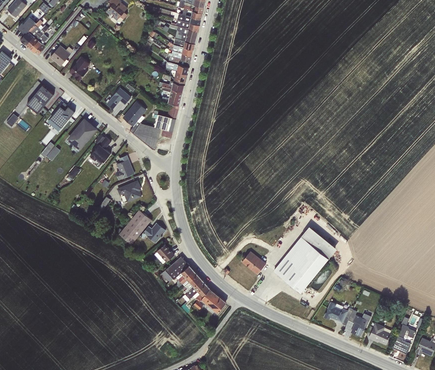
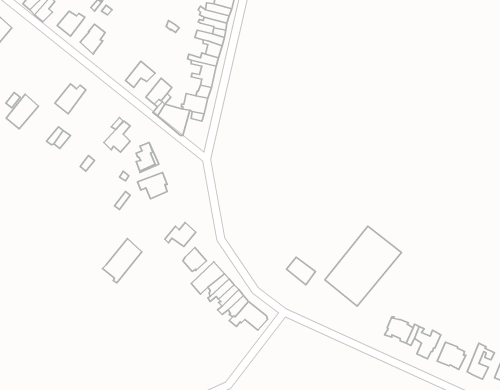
building: [27,84,54,113] -> [6,94,38,129]
building: [68,119,96,148] -> none
building: [119,208,152,245] -> [102,239,142,283]

